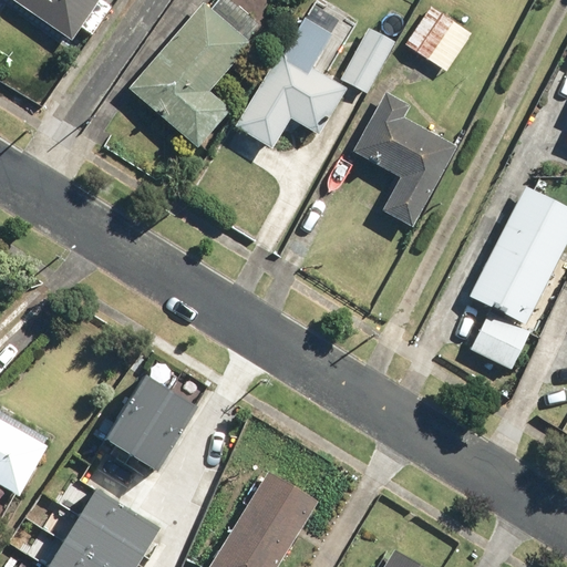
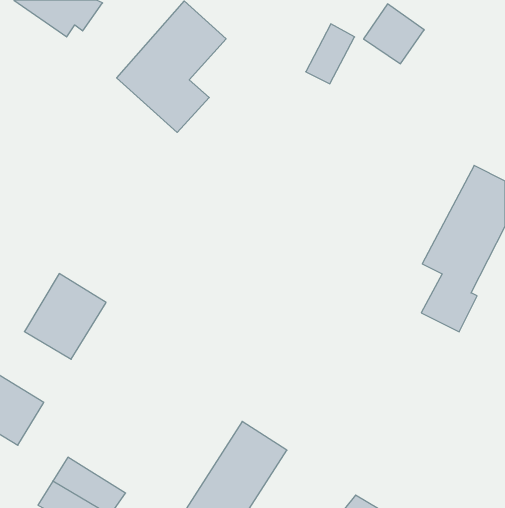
building: [235,14,347,147] -> none
building: [354,95,458,229] -> none
building: [100,372,190,467] -> [24,274,106,359]
building: [75,484,156,549] -> none

